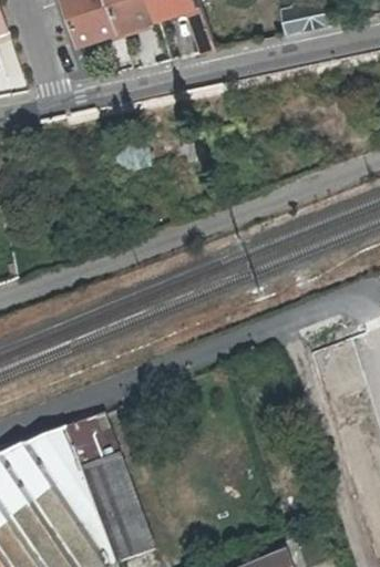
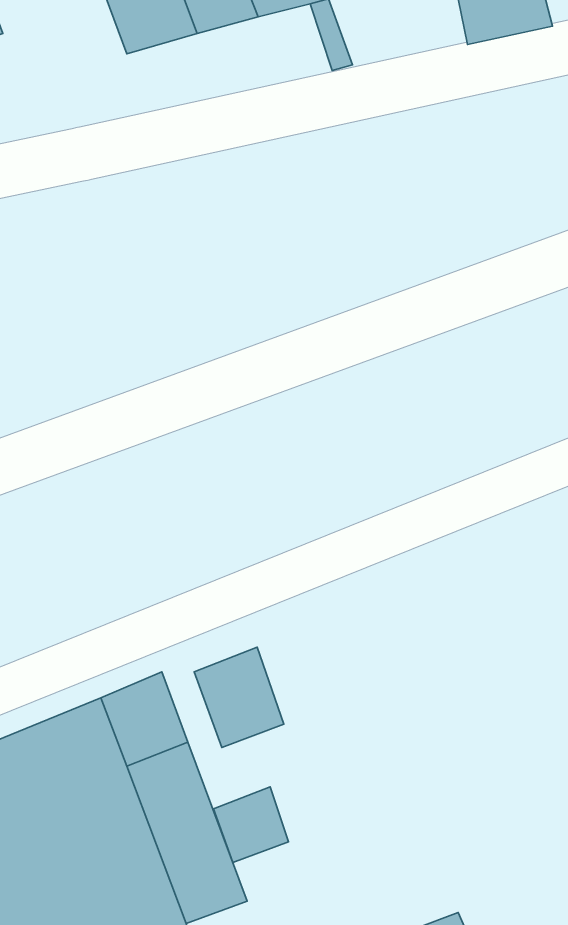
building: none -> [194,647,284,748]
building: none -> [213,787,288,862]

